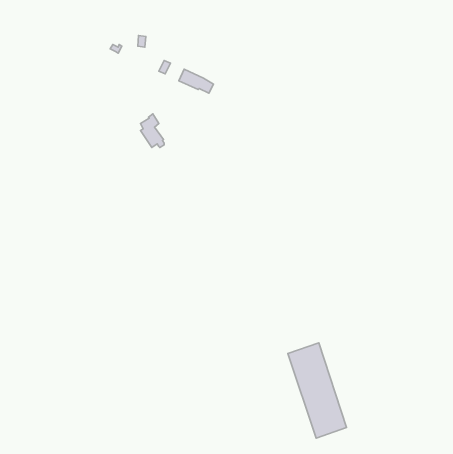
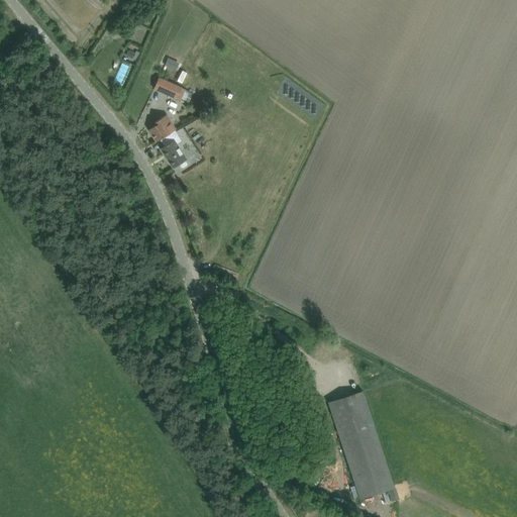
building: [179,69,213,93] -> [152,77,192,104]
building: none -> [147,115,175,142]

